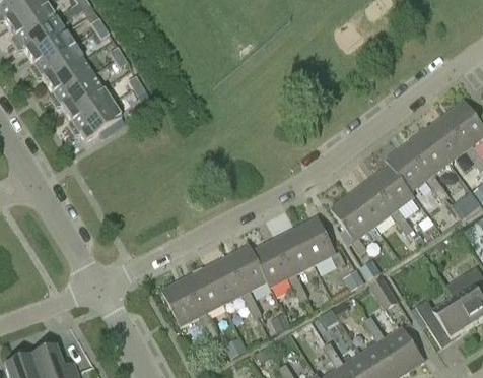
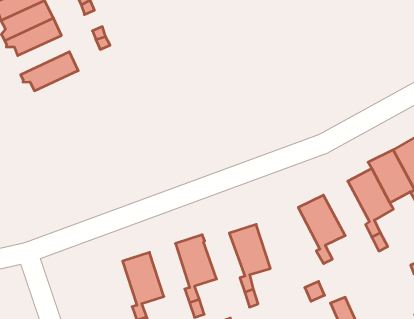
building: [66,87,111,127] -> none
building: [351,177,395,225] -> none
building: [296,215,346,266] -> none
building: [253,238,293,285] -> none
building: [207,254,247,302] -> none
building: [162,276,203,324] -> none

